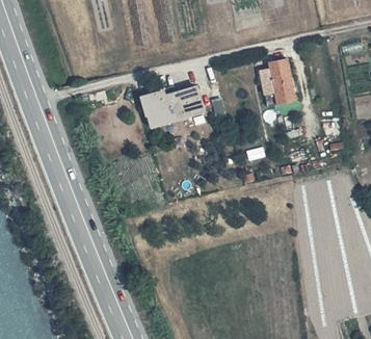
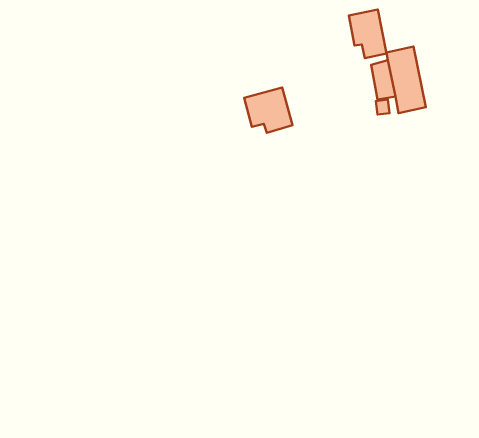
building: none -> [349,10,387,58]
building: [141,89,176,119] -> none

